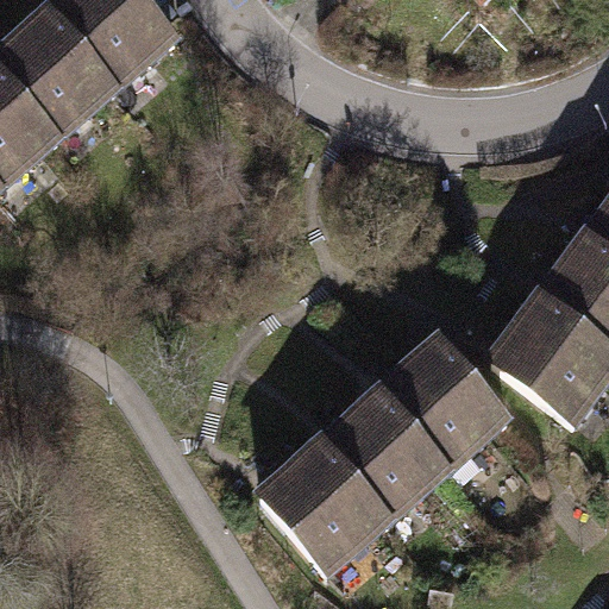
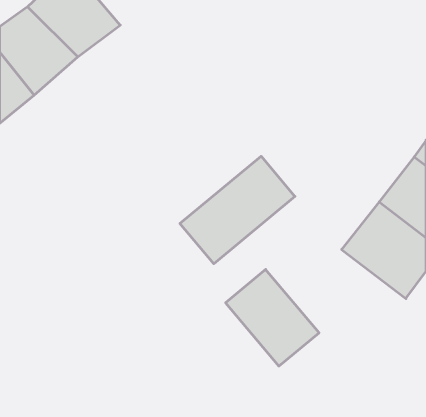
building: none -> [180,156,295,264]
building: [378,332,517,475] -> none
building: [256,432,397,577] -> none

